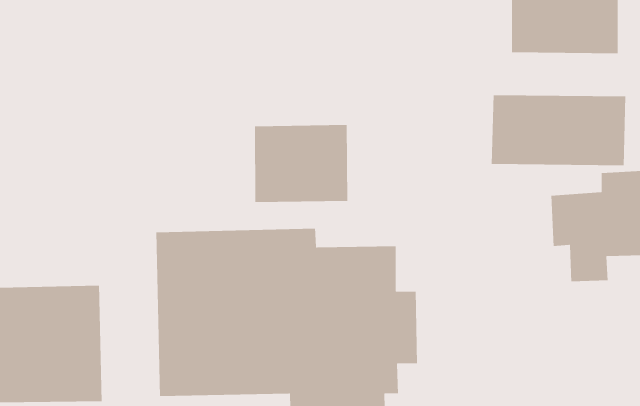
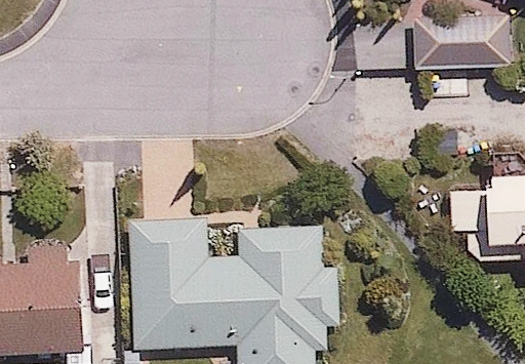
building: [491,94,626,166] -> none
building: [254,124,348,203] -> none

